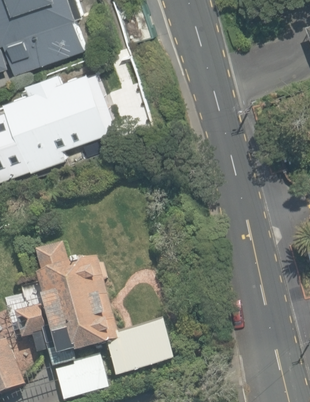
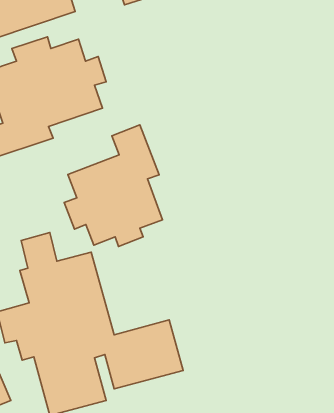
building: none -> [64,125,163,247]

